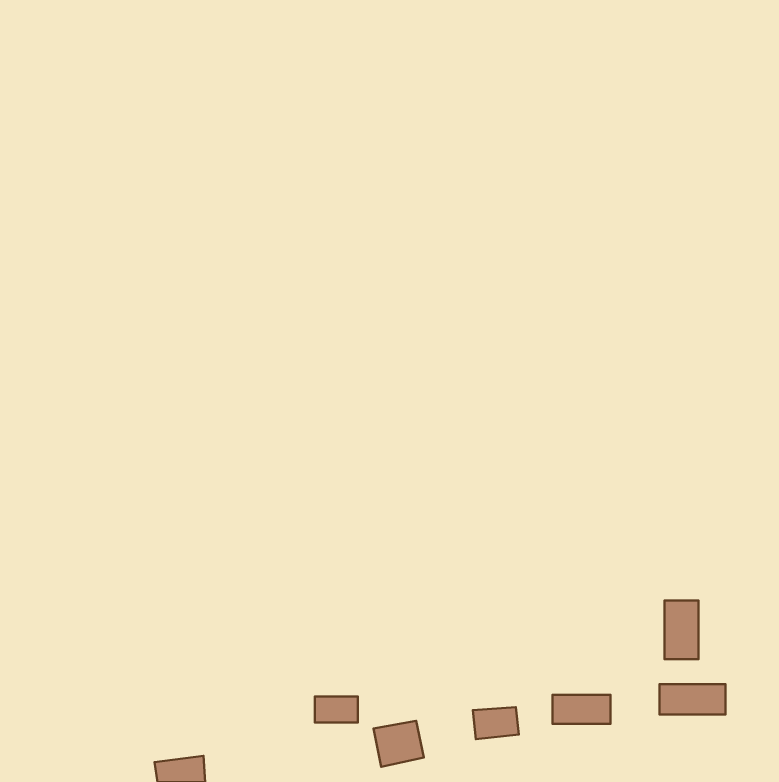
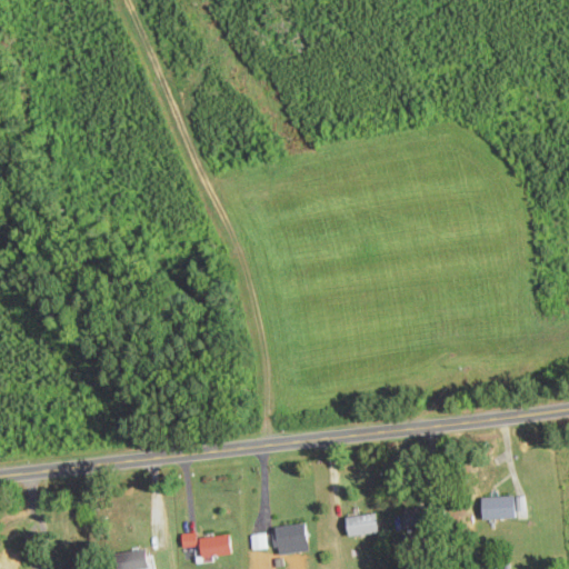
building: [665,600,699,659] -> none
building: [315,696,358,722] -> [198,537,229,556]

